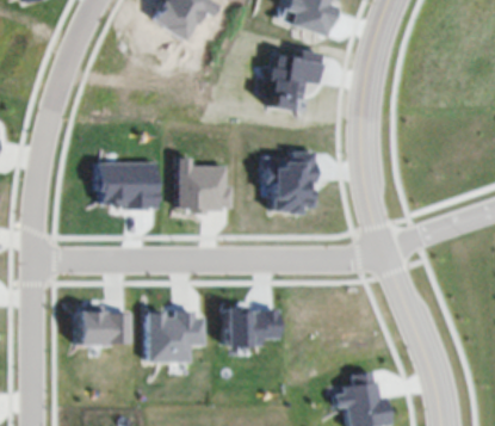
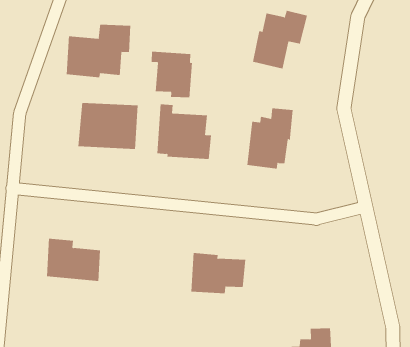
building: none -> [66,24,131,78]
building: none -> [151,51,192,98]
building: [147,311,206,362] -> none

